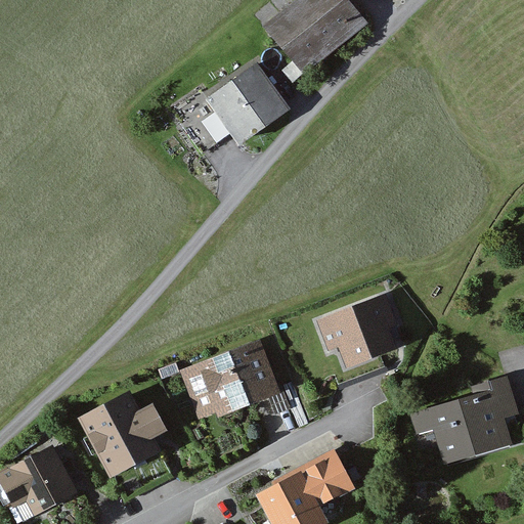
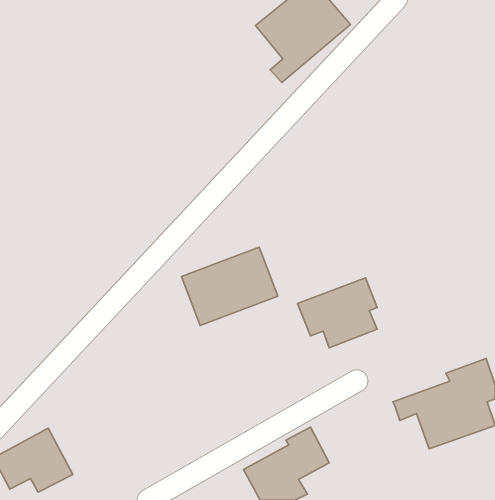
building: [202,62,294,148] -> none
building: [171,334,271,416] -> [182,247,278,326]
building: [80,392,171,479] -> none

